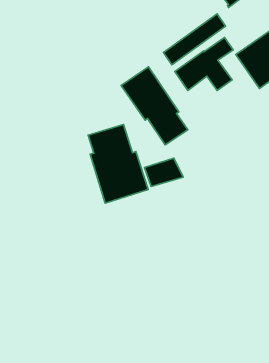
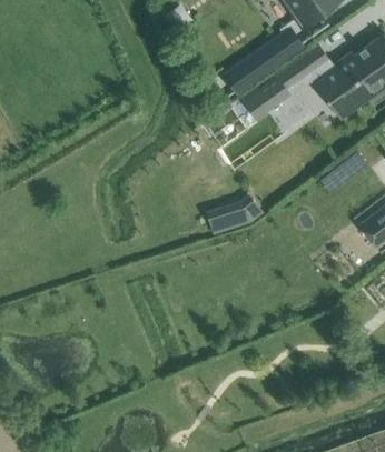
building: [121,67,188,145] -> none
building: [88,124,148,203] -> none

